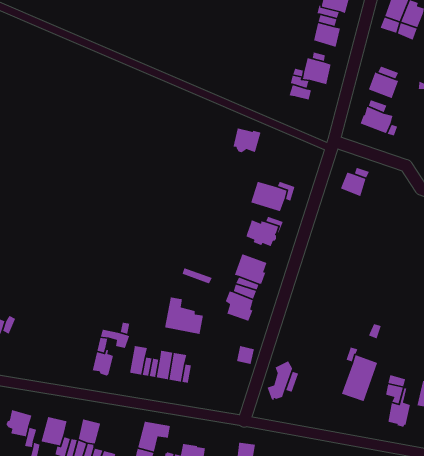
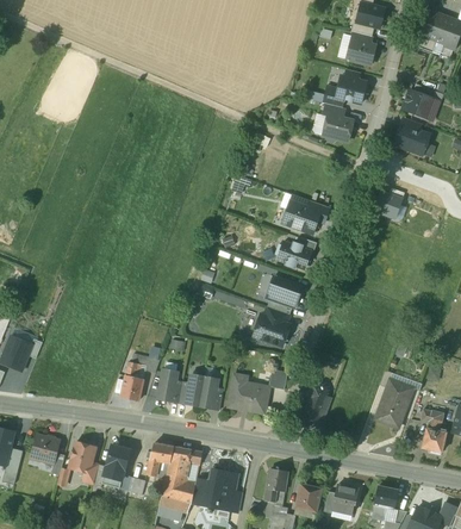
building: [232,128,261,153] -> [323,116,353,142]
building: [164,296,204,335] -> [228,374,268,413]
building: none -> [147,443,174,478]

